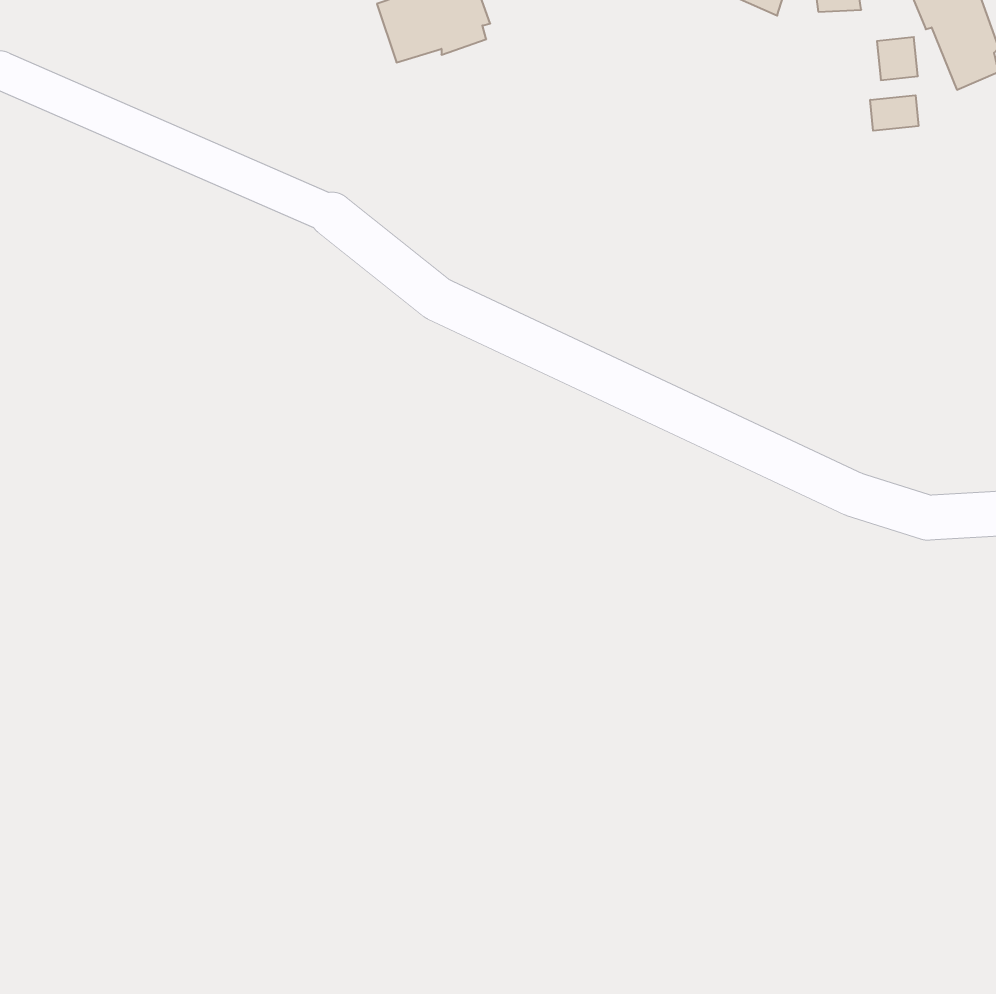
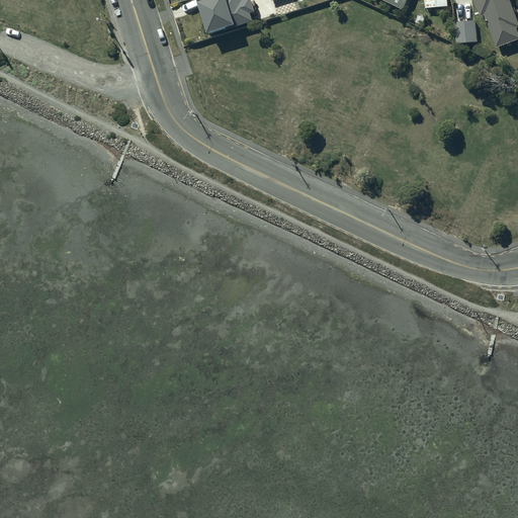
building: [870,95,918,131] -> none

